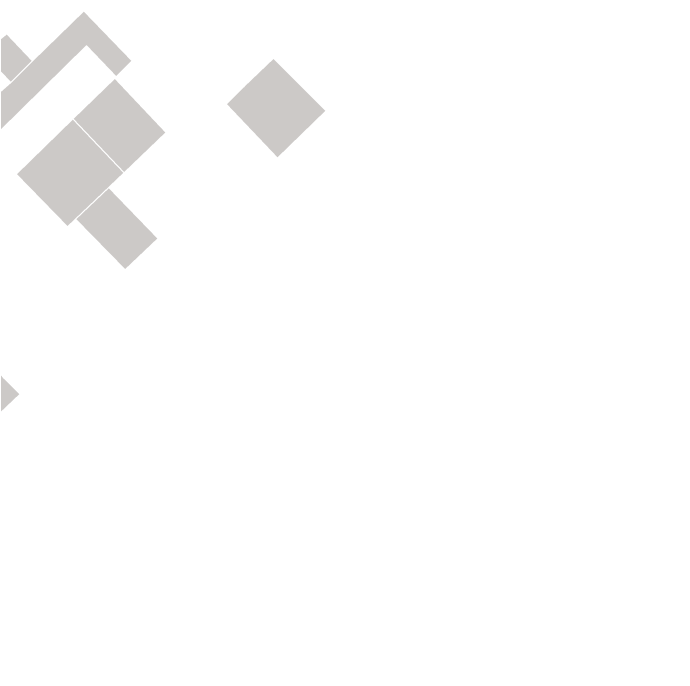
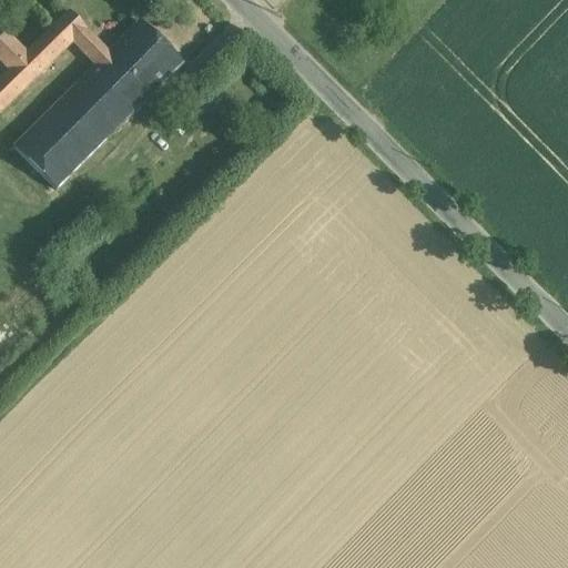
building: [226,58,326,158] -> [94,27,176,109]
building: [76,188,158,270] -> none

